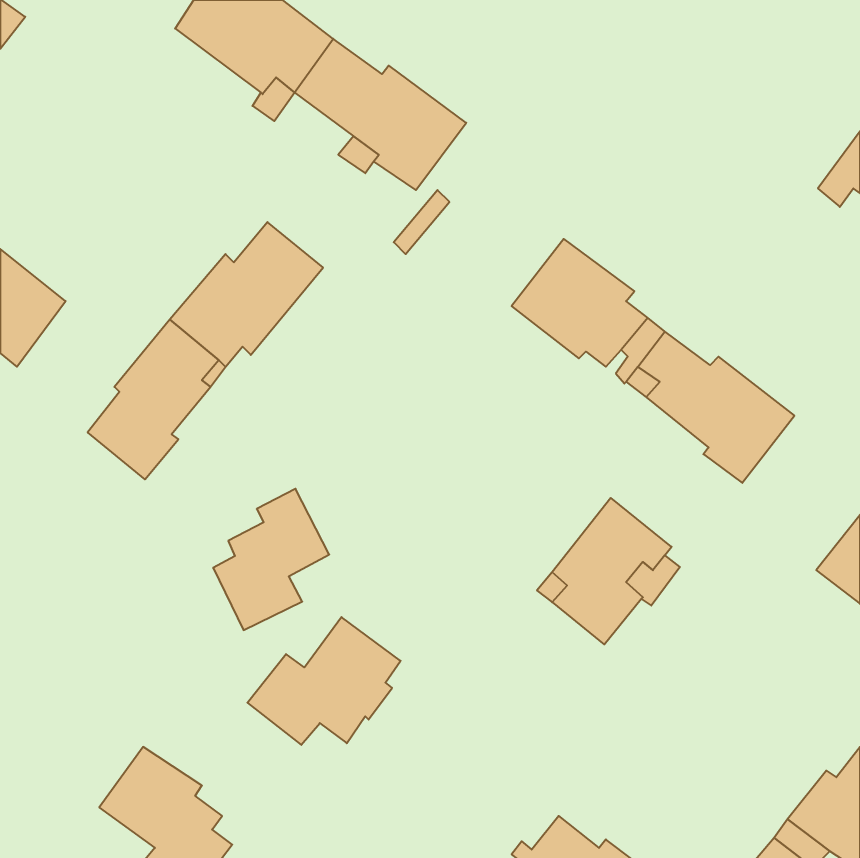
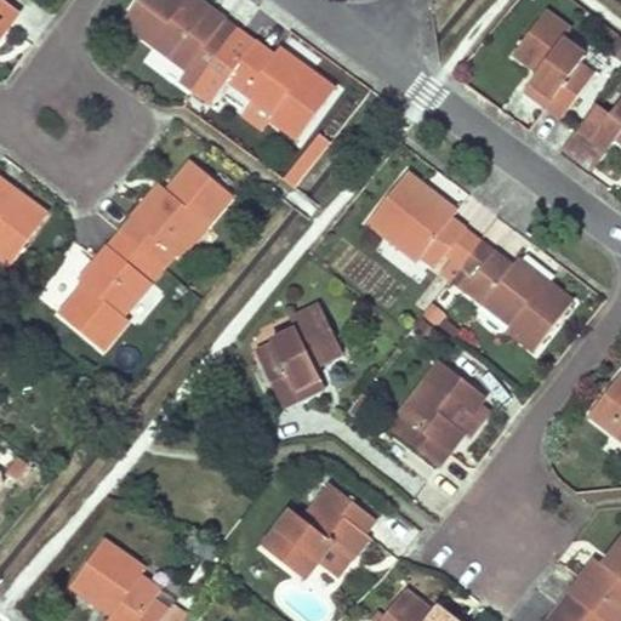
building: none -> [514,10,593,116]
building: [213,489,329,630] -> [260,303,343,405]
building: [247,617,401,745] -> [263,484,374,576]

